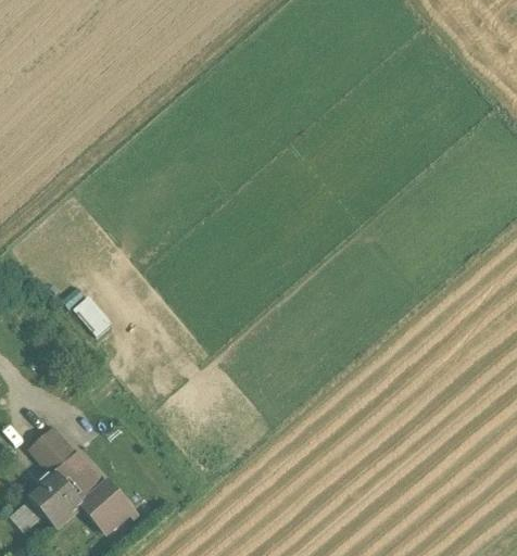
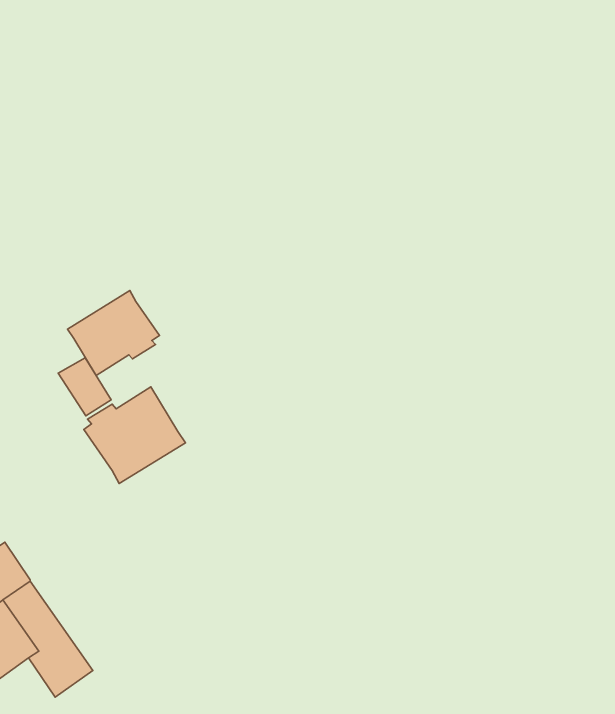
building: none -> [67,291,159,375]
building: none -> [84,387,185,484]

